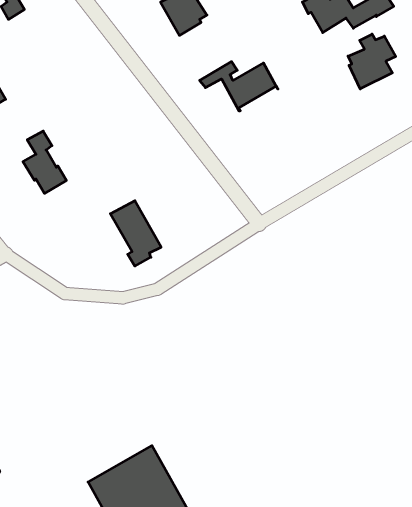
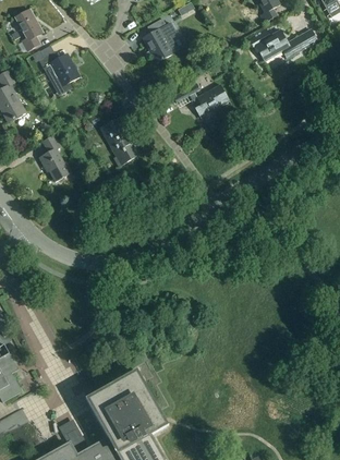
building: none -> [39,52,80,90]
building: [348,34,396,89] -> none
building: [110,201,161,266] -> [100,118,138,167]

